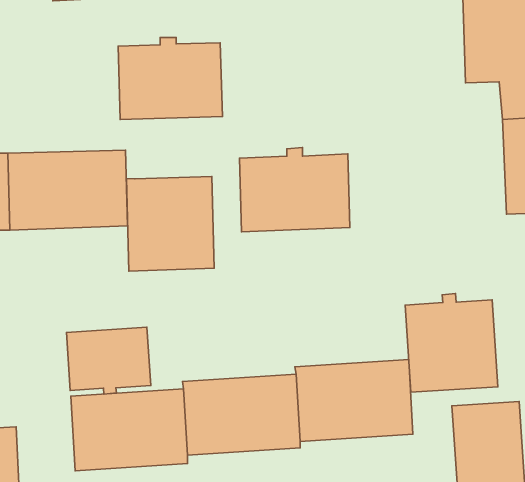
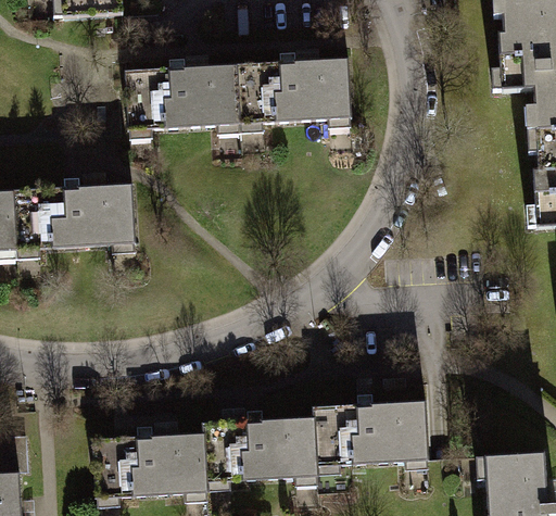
building: [239,148,350,232] -> [240,50,354,137]
building: [126,177,214,271] -> none
building: [405,294,498,392] -> none
building: [66,327,151,394] -> none

